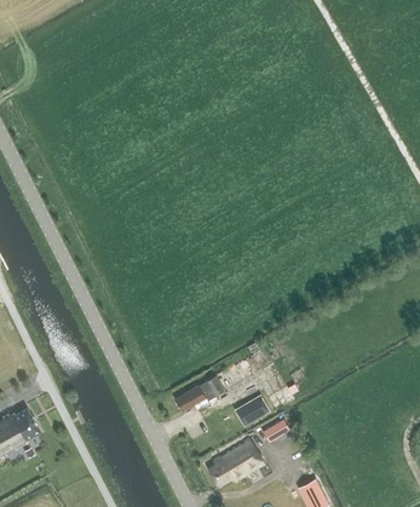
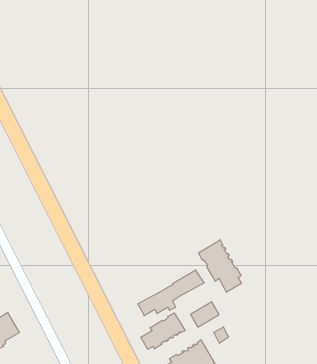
building: none -> [199,240,242,292]
building: none -> [141,313,185,349]

